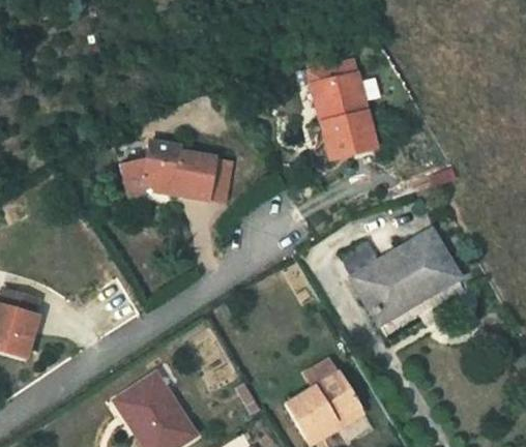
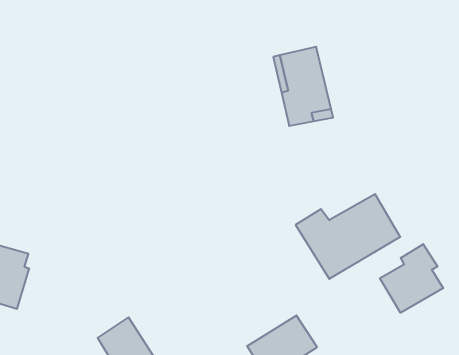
building: [113,143,234,204] -> none
building: none -> [380,244,443,313]

